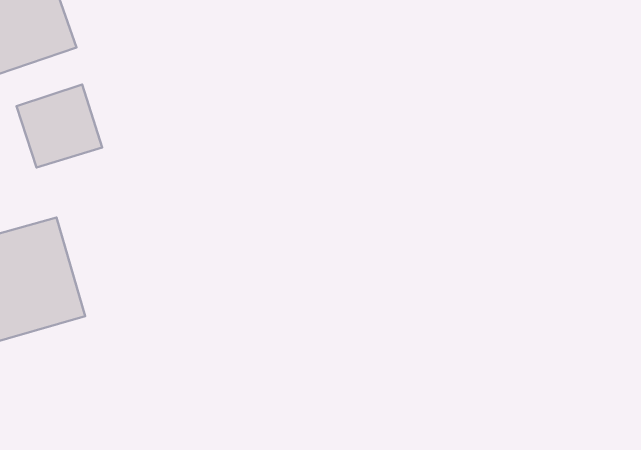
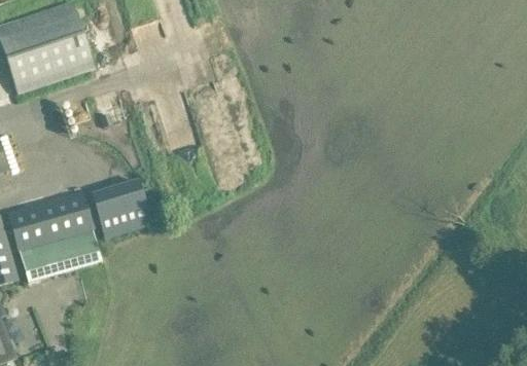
building: [16,85,102,167] -> [90,179,151,239]

